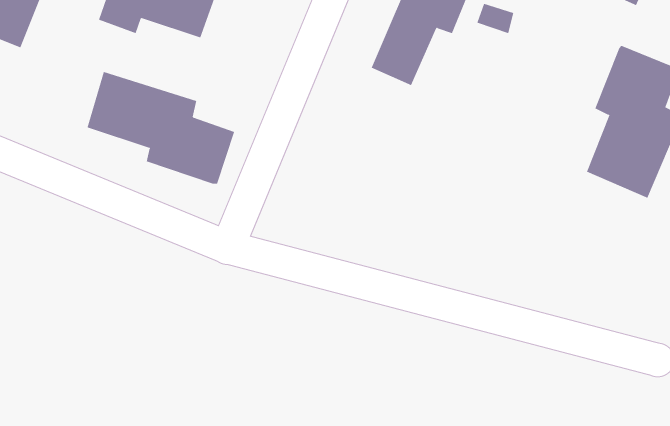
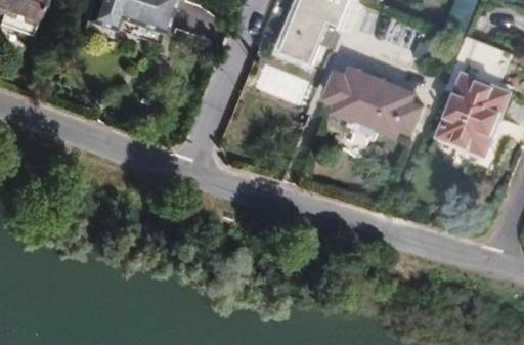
building: [87,71,235,184] -> none
building: none -> [328,70,421,140]

